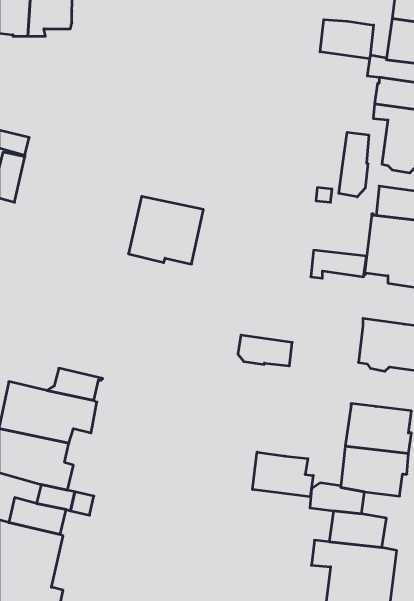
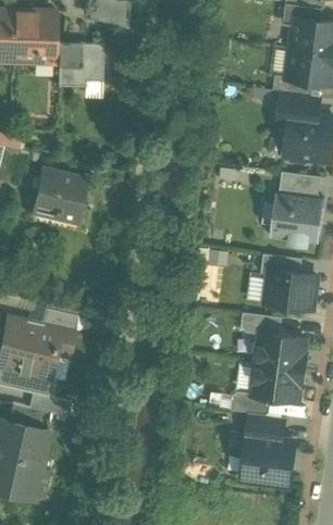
building: none -> [53,43,103,88]
building: [320,20,374,59] -> none
building: [339,132,369,197] -> none
building: [128,196,203,264] -> [30,170,86,220]
building: [311,250,367,278] -> [260,255,301,276]
building: [238,335,292,366] -> [240,313,281,336]
building: [253,452,313,497] -> none

